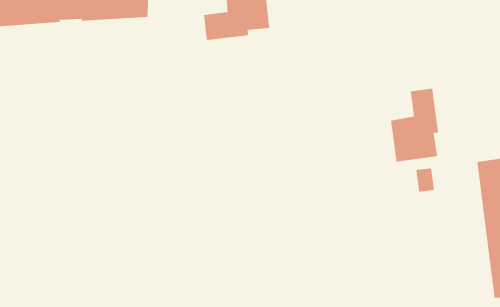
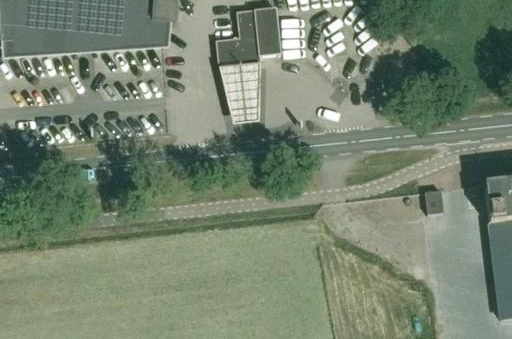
building: none -> [218,60,259,124]
building: [391,88,442,162] -> none

